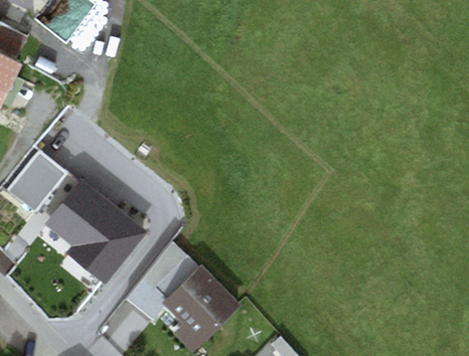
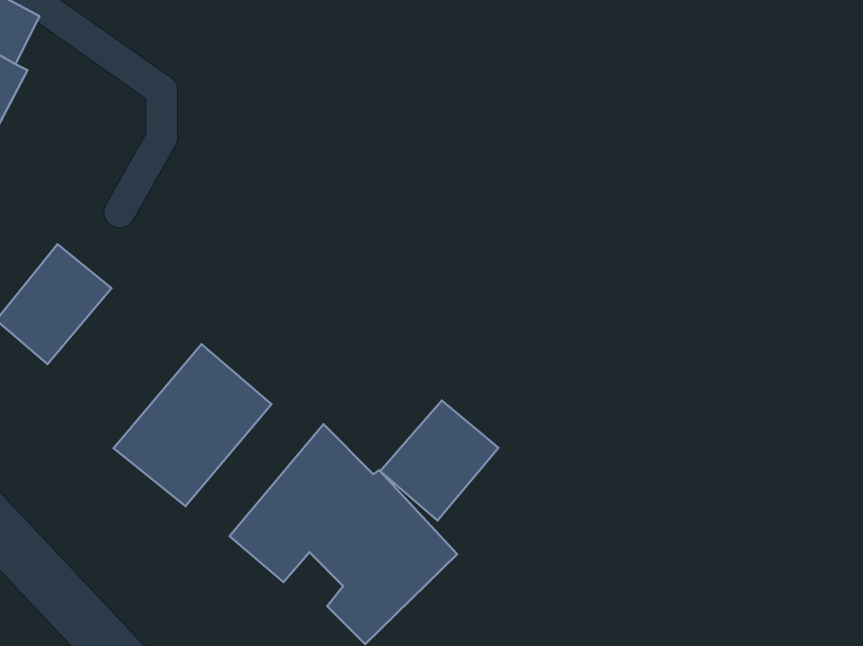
building: [44,178,111,246] -> none
building: none -> [380,401,498,521]

